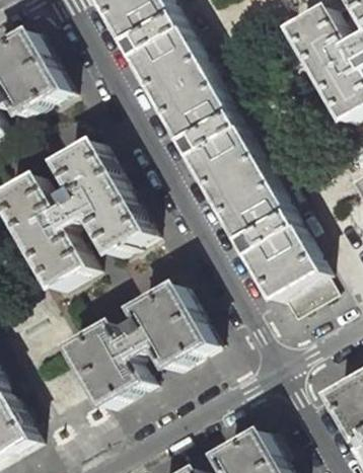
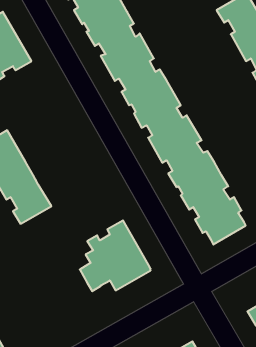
building: [57,142,147,255] -> none
building: [67,322,145,407] -> none

